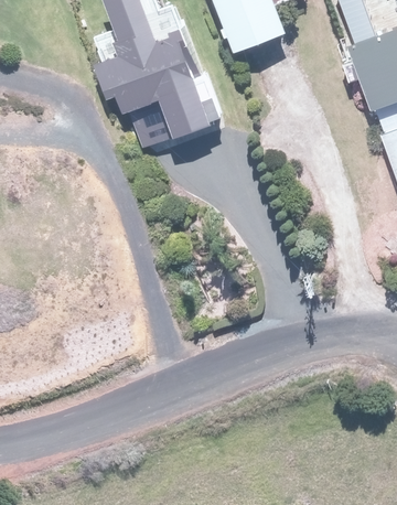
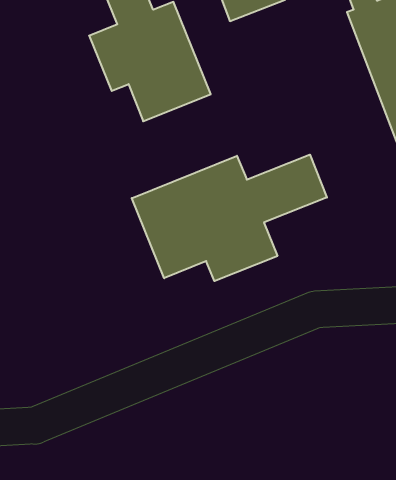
building: none -> [132,155,327,281]

